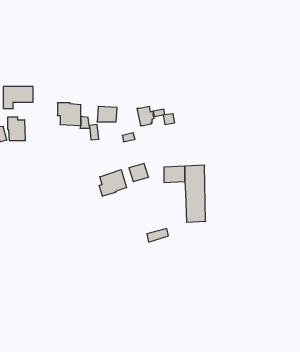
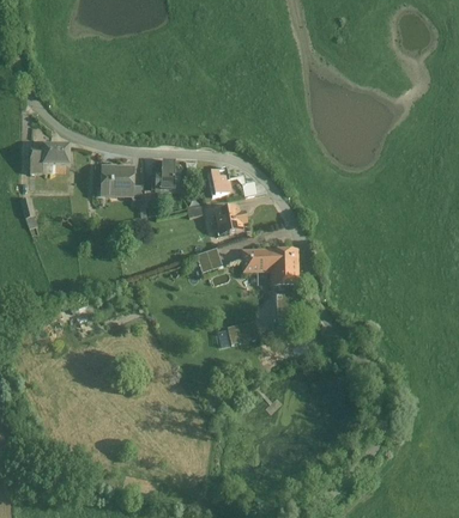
building: [8,117,25,141] -> none
building: none -> [213,205,240,232]
building: [99,170,126,196] -> none

